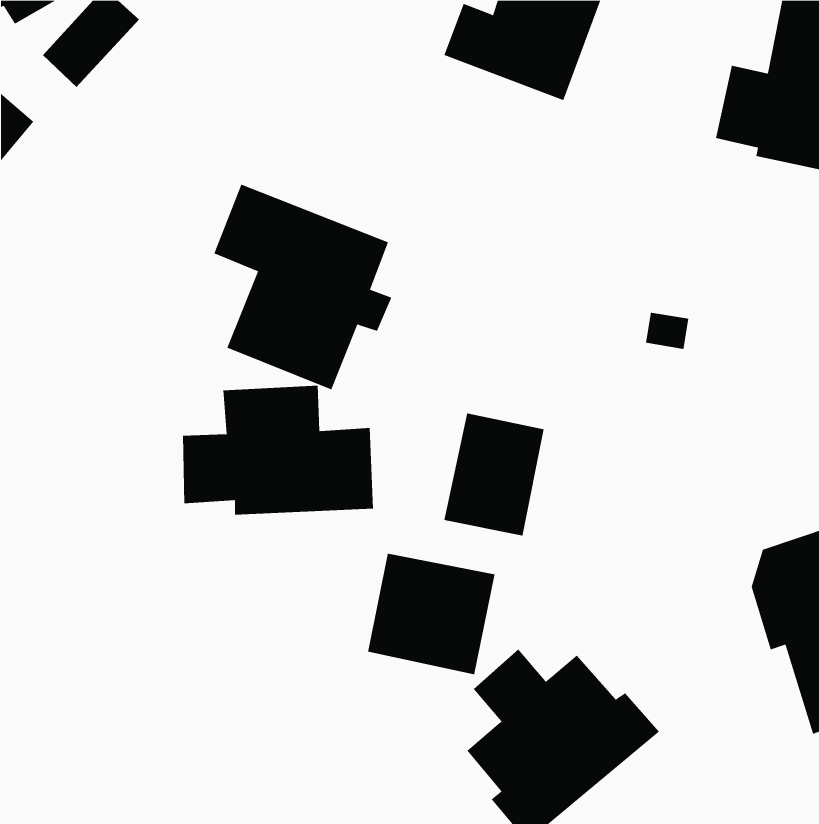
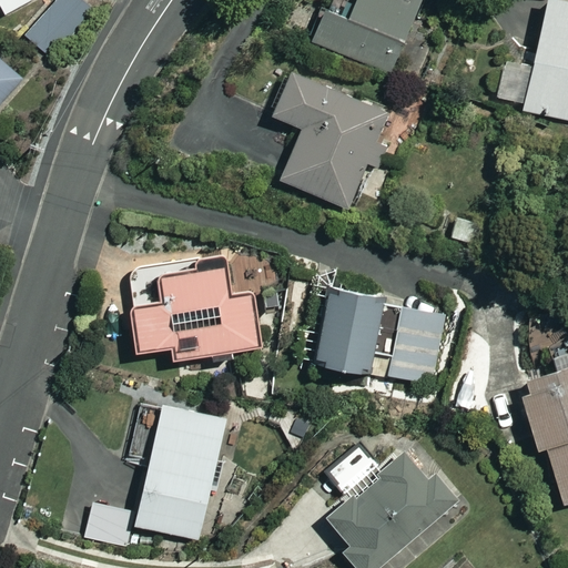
building: [213,184,392,390] -> [270,67,392,207]
building: none -> [388,304,450,388]
building: [368,553,495,675] -> none
building: none -> [89,404,231,550]

